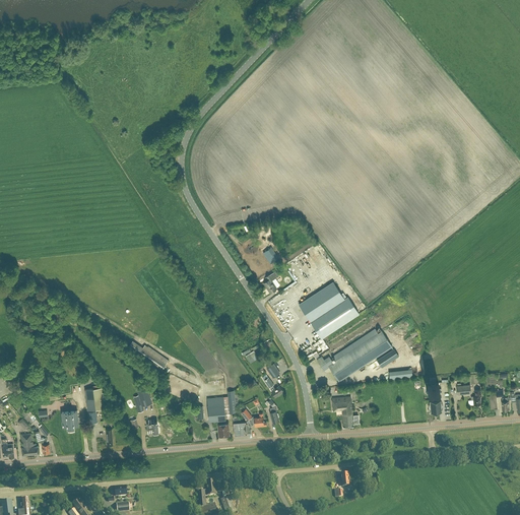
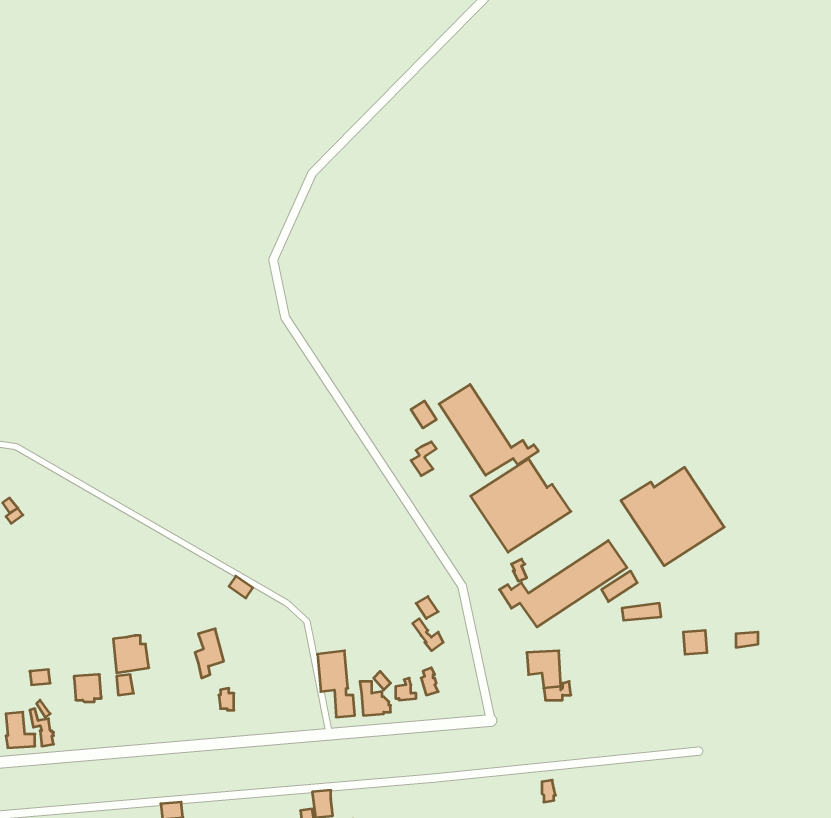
building: none -> [439,384,538,475]
building: none -> [621,467,724,566]

